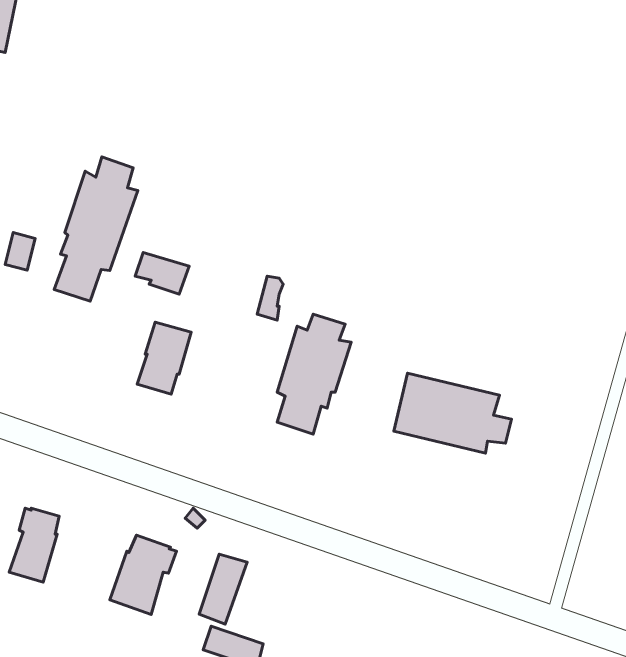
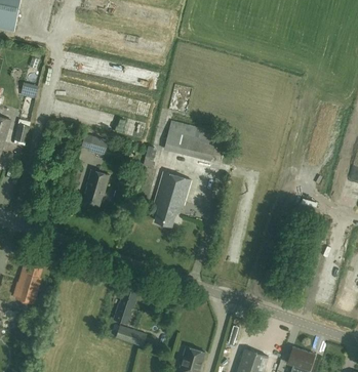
building: [54,157,138,301] -> none
building: [394,373,512,453] -> [163,120,224,161]
building: [110,535,177,614] -> none

